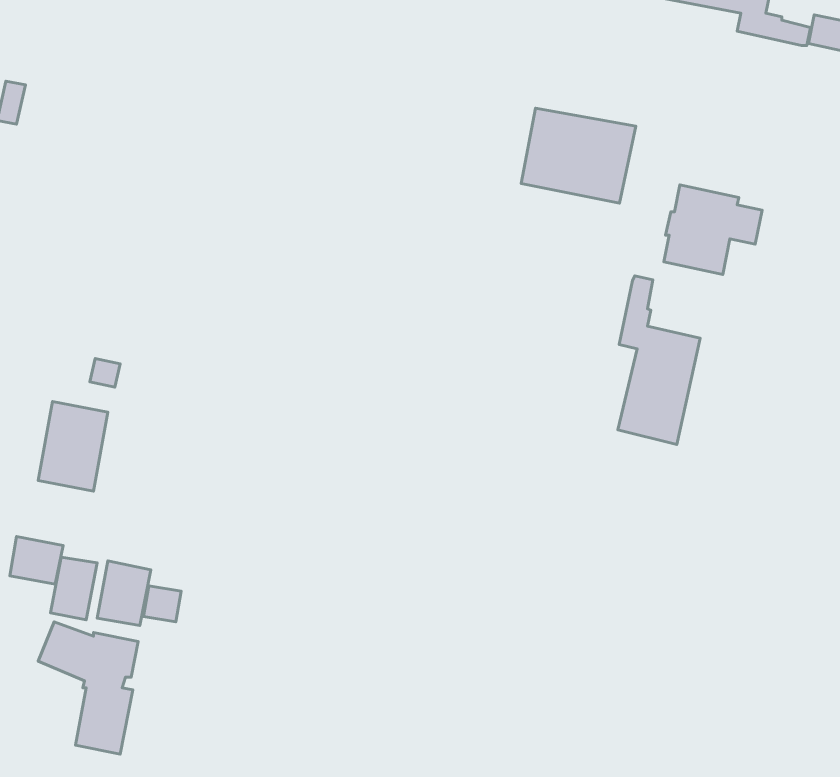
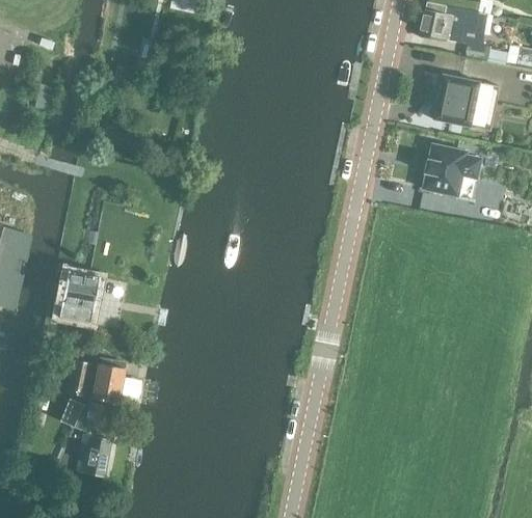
building: [521,108,636,203] -> [432,75,499,130]
building: [618,276,700,445] -> none
building: [10,537,63,584] -> none

